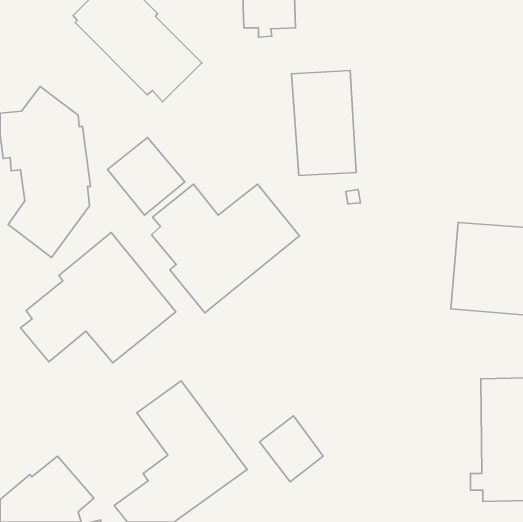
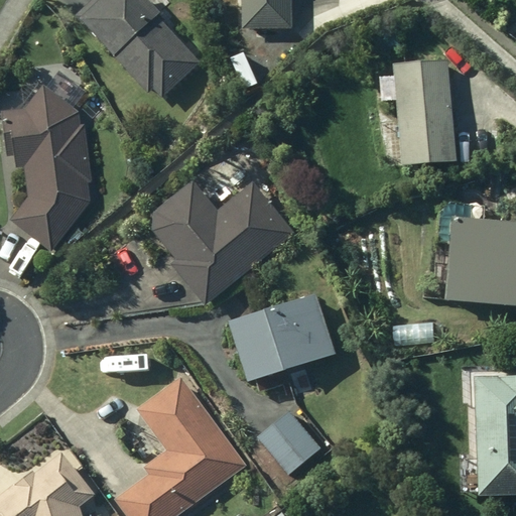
building: [291,71,356,176] -> [392,64,456,167]
building: [107,137,185,215] -> none
building: [20,233,176,363] -> none
building: none -> [227,297,336,385]

